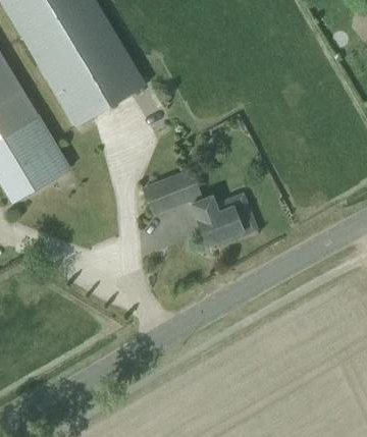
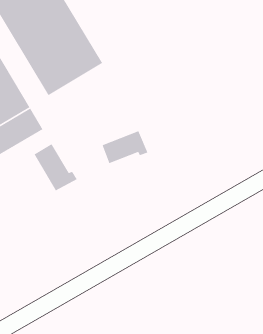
building: none -> [34,143,78,192]
building: [191,194,257,244] -> none

